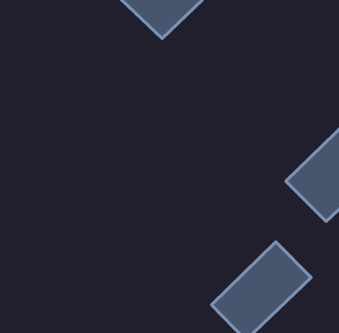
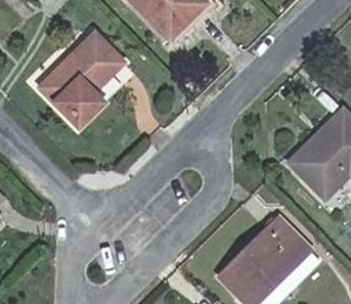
building: none -> [46,33,130,127]

